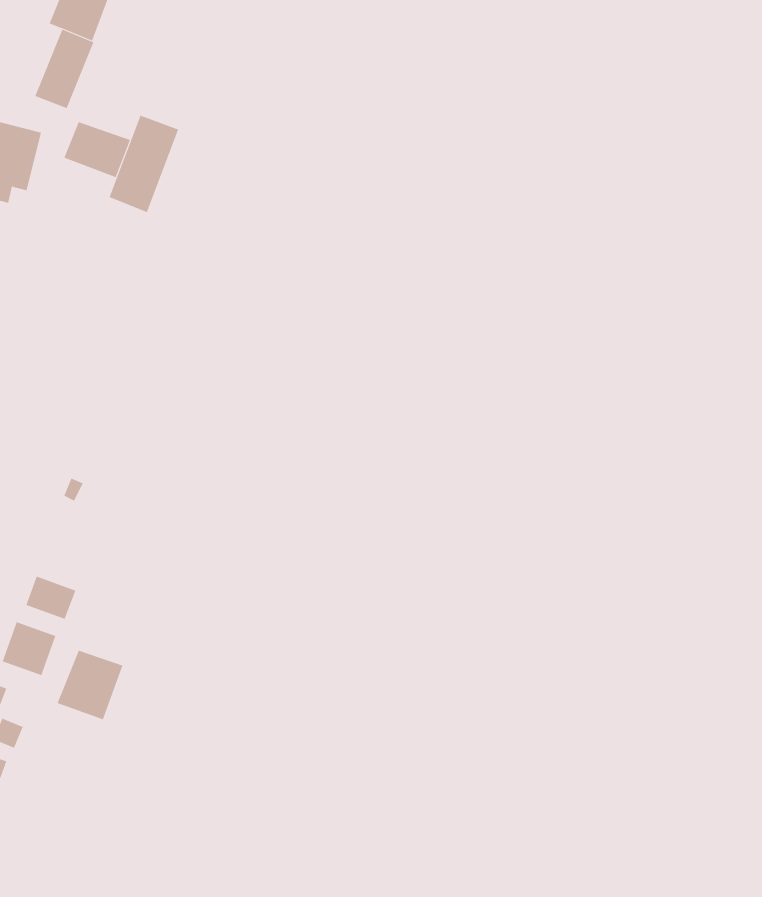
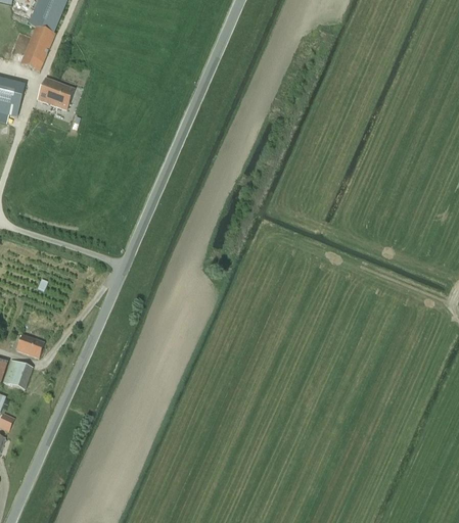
building: [109,114,179,213] -> none
building: [57,650,123,720] -> none

